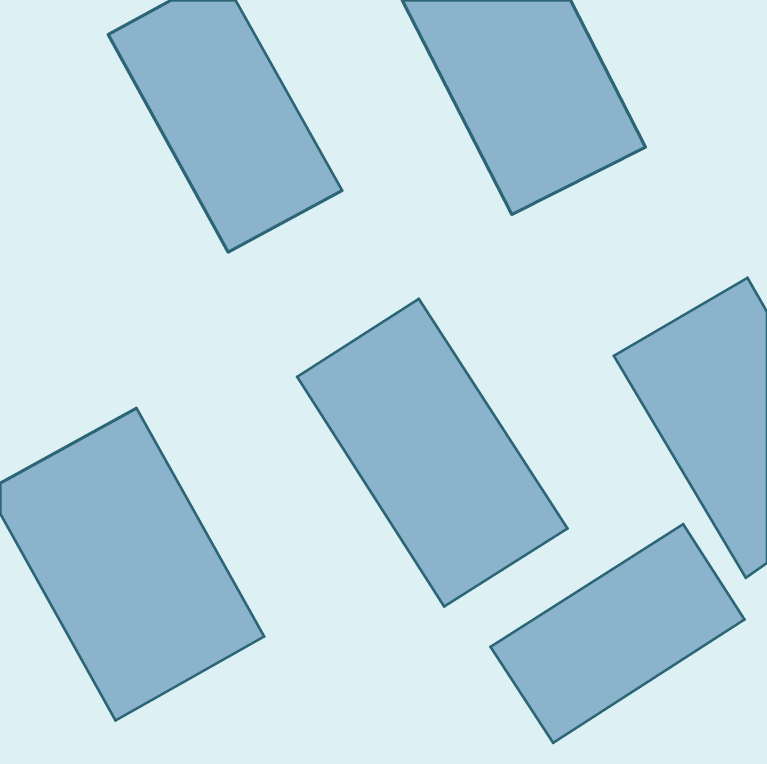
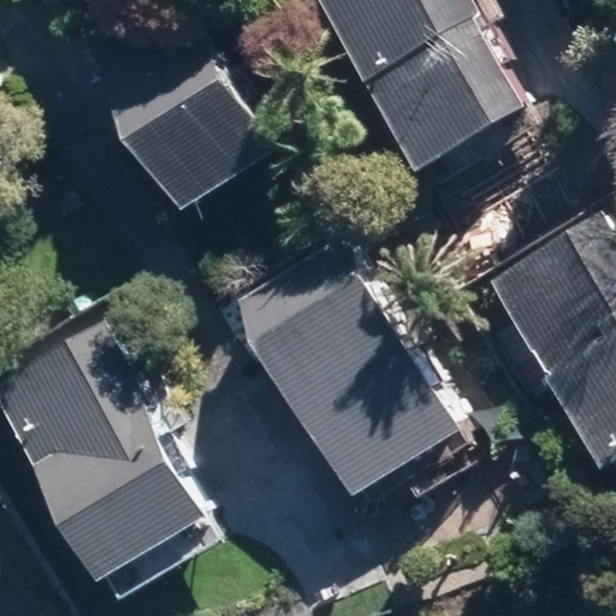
building: [491,524,745,743] -> none

